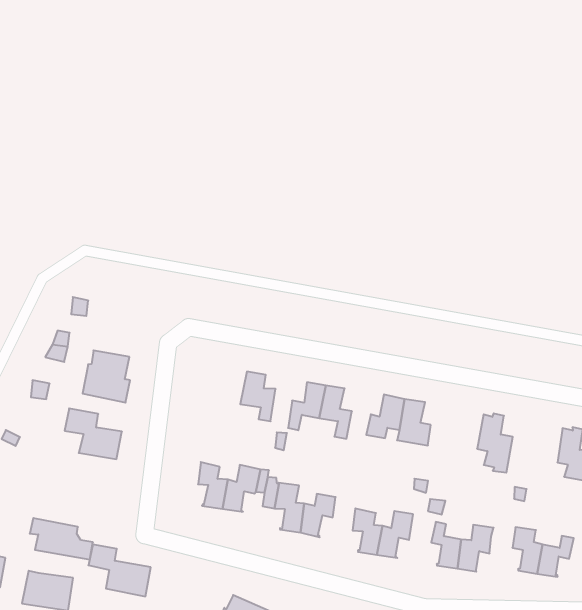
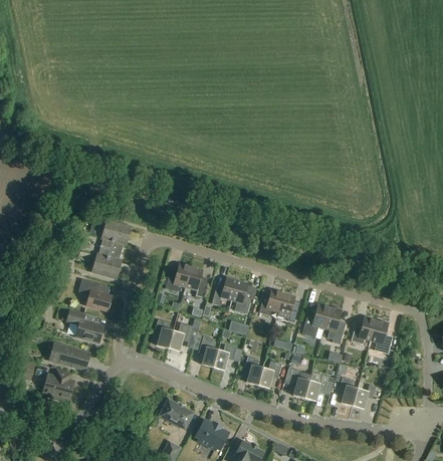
building: none -> [100,219,132,251]
building: none -> [165,263,191,291]
building: none -> [301,303,329,335]
building: none -> [351,315,376,343]
building: [88,545,151,596] -> [66,308,103,342]

